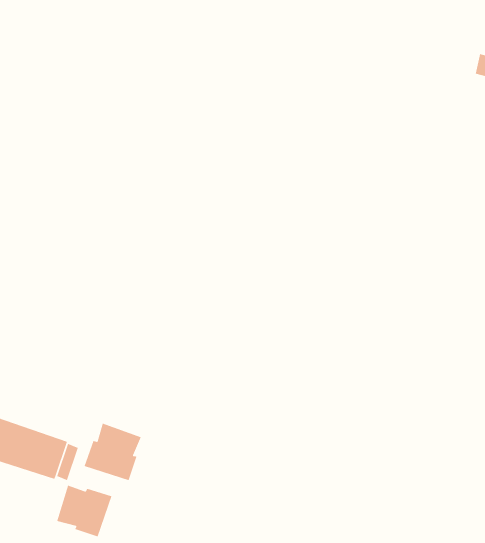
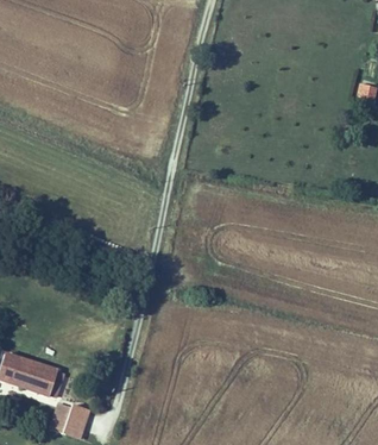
building: [84,422,142,481] -> none

